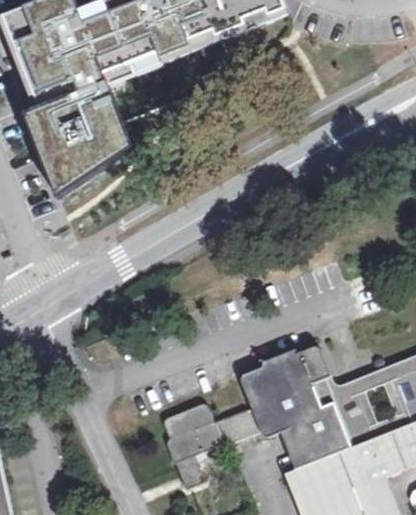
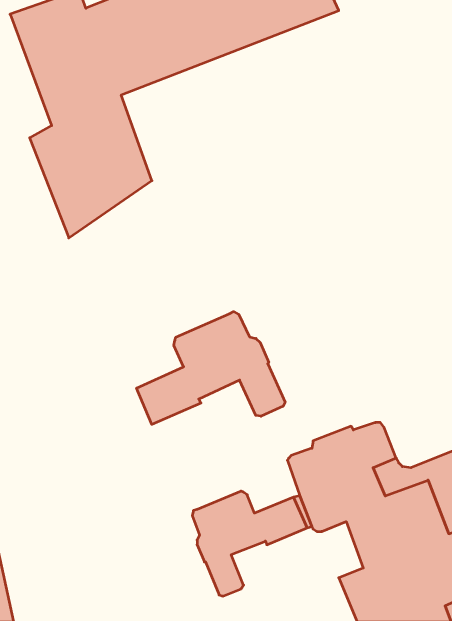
building: none -> [137,312,285,424]

